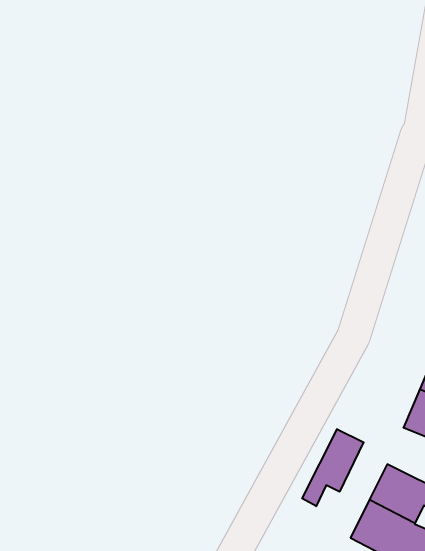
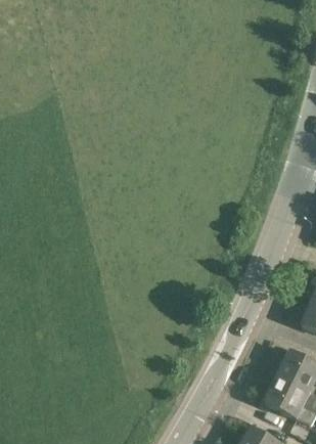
building: [302,429,364,506] -> none

